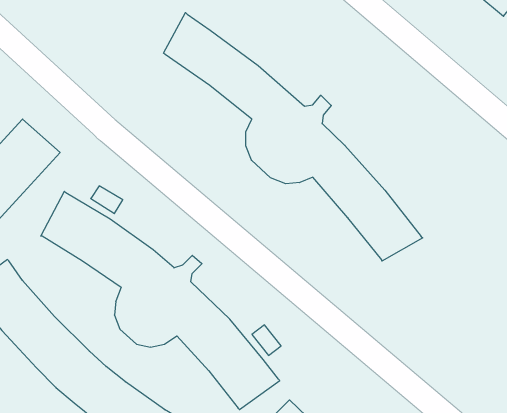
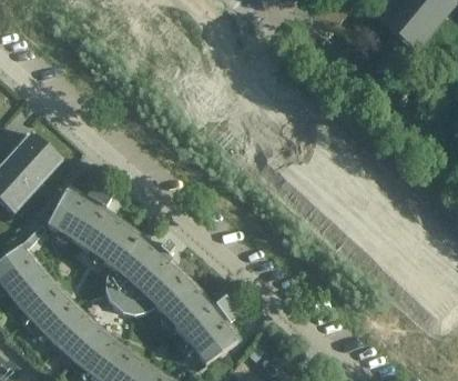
building: [164,13,423,261] -> none

